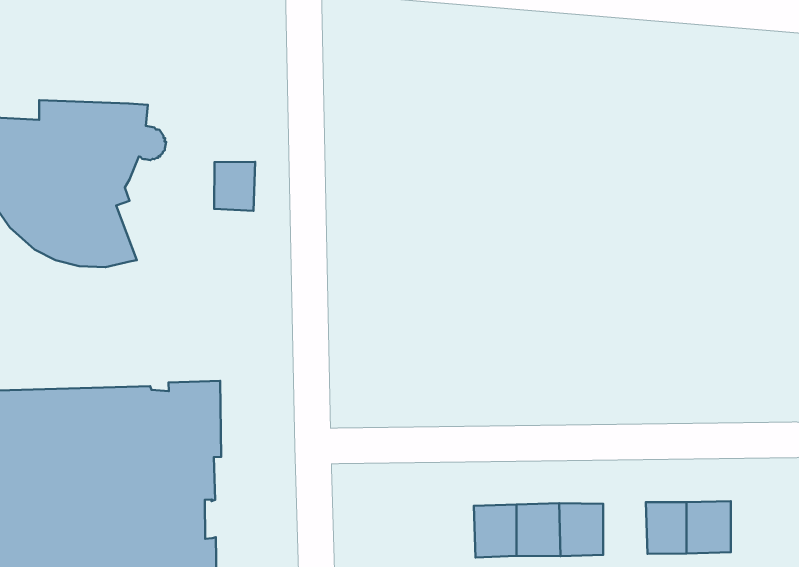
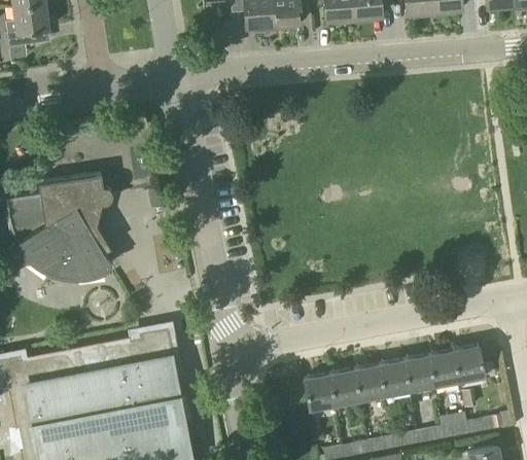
building: [214,162,255,211] -> none
building: none -> [406,355,436,390]
building: none -> [305,375,337,410]

